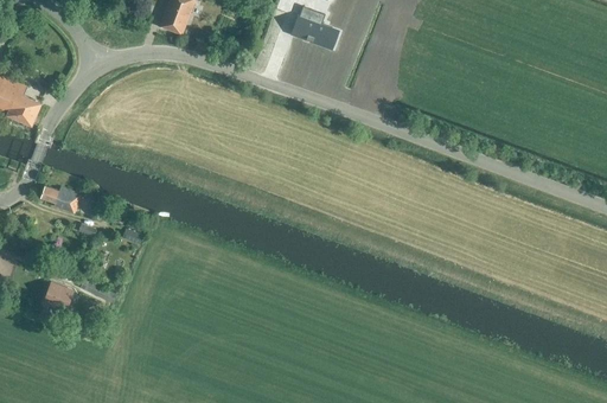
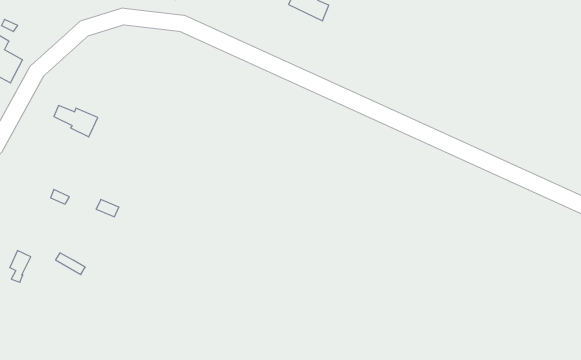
building: [40,185,82,212] -> [54,106,98,137]

